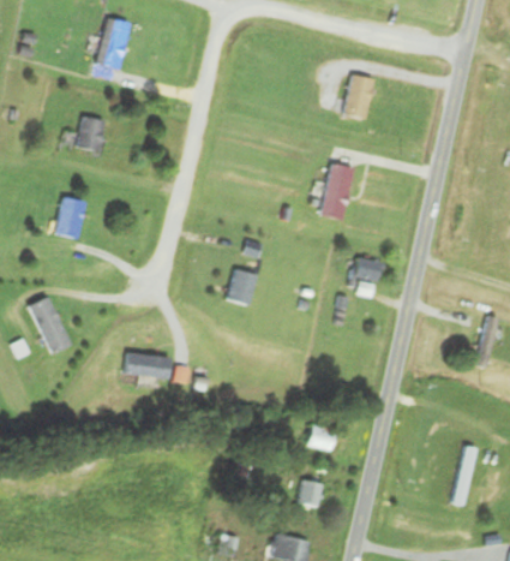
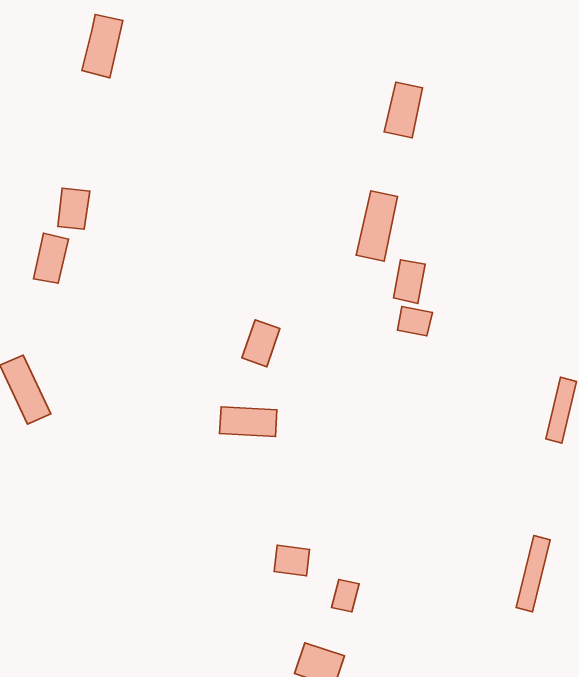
building: [78,117,104,150] -> [58,188,90,229]
building: none -> [394,260,425,304]
building: [126,353,173,377] -> [220,407,277,436]
building: [307,424,336,449] -> [274,545,309,576]

